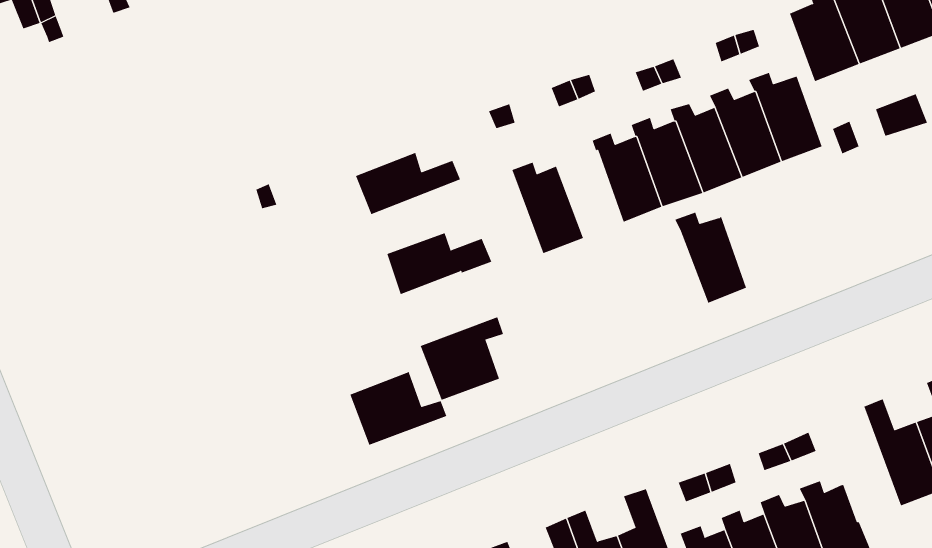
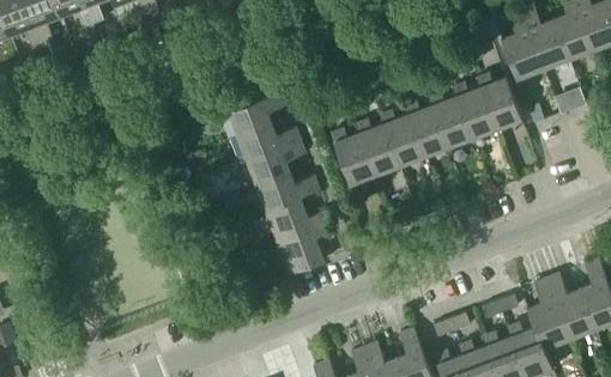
building: none -> [226,91,288,138]
building: none -> [246,140,306,186]
building: [674,212,747,304] -> [356,120,400,176]
building: [349,371,447,445] -> [264,196,323,242]
building: none -> [527,279,570,349]

